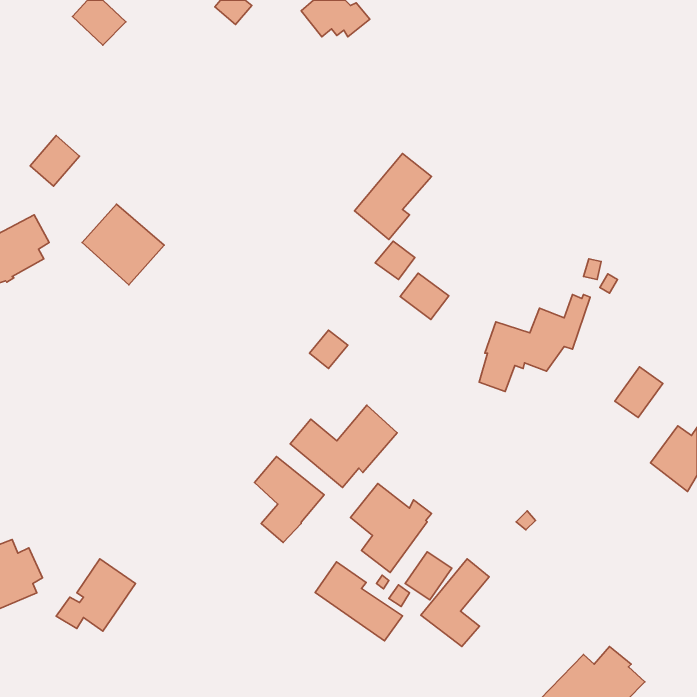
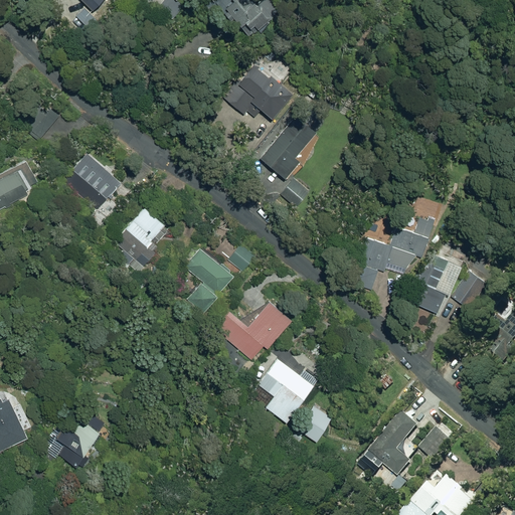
building: none -> [223,66,293,119]
building: [400,273,449,319] -> none
building: none -> [115,206,167,272]
building: none -> [408,259,461,314]
building: [254,456,324,543] -> [183,247,234,311]
building: [421,559,489,647] -> [368,412,418,477]
building: [315,562,403,641] -> none
building: none -> [418,428,450,461]

